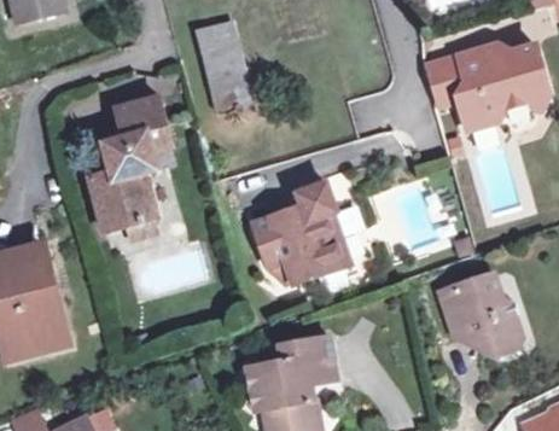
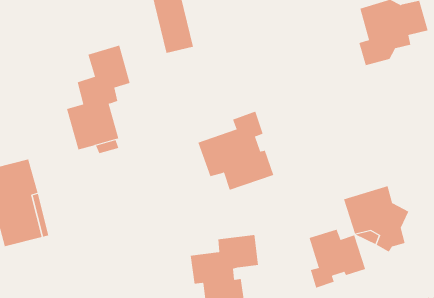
building: [427,52,470,100] -> none
building: none -> [309,229,366,288]

